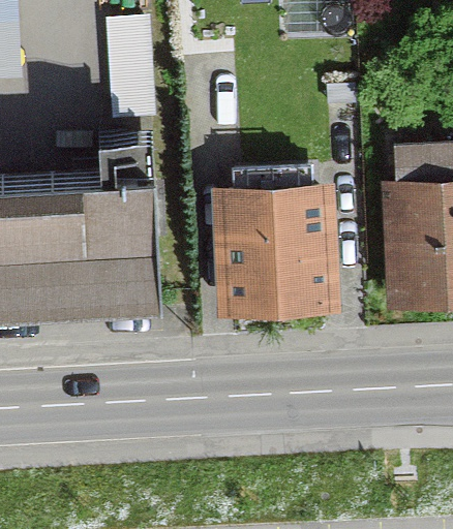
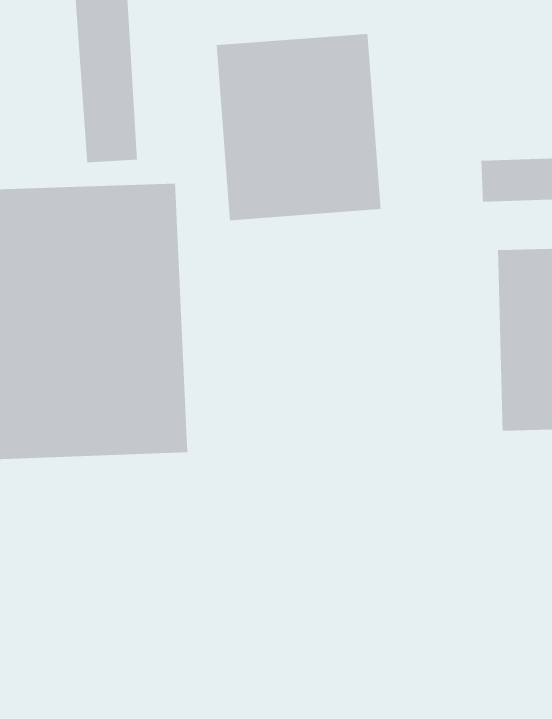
building: none -> [216,33,382,221]
building: [218,187,341,318] -> none

